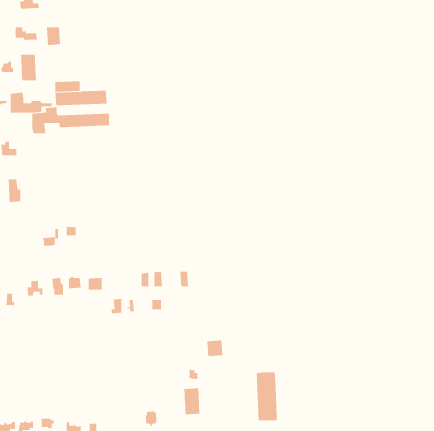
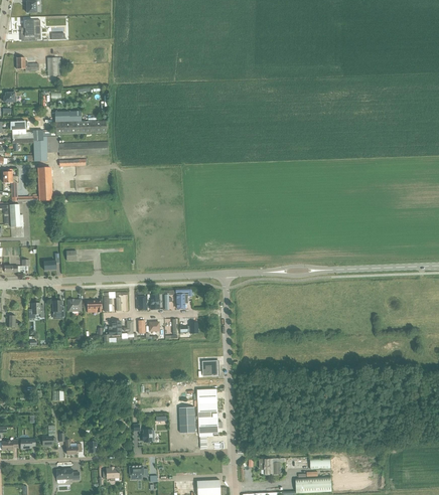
building: [20,54,36,81] -> none
building: none -> [17,167,50,201]
building: [256,372,278,421] -> [196,388,217,436]

